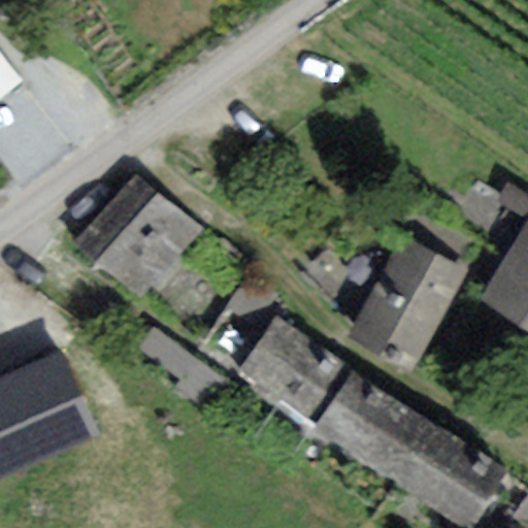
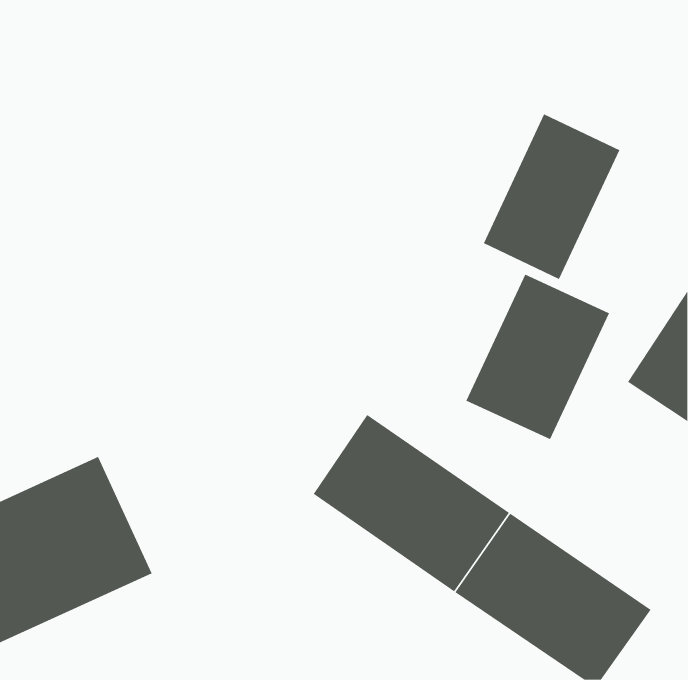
building: none -> [483,113,620,280]
building: [78,179,203,305] -> none

